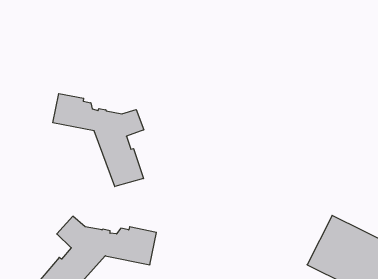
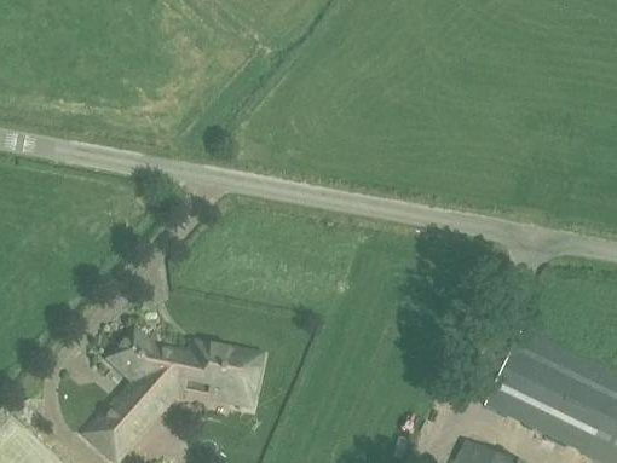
building: [53,94,144,187] -> none

